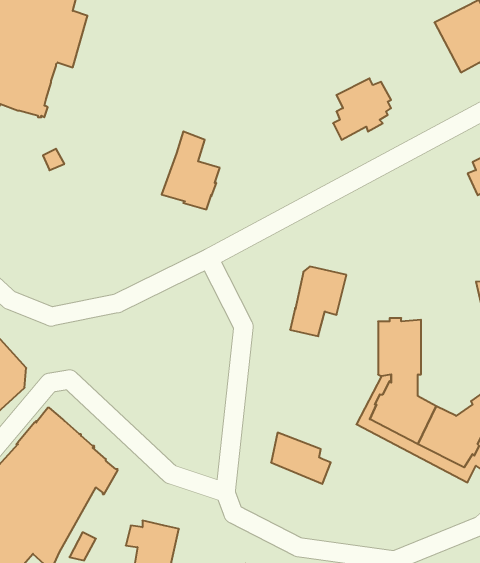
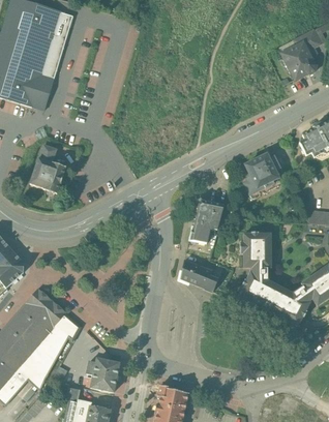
building: [333,78,391,140] -> [243,154,279,192]
building: [162,131,220,209] -> [29,144,65,192]
building: [271,433,331,484] -> [180,260,217,292]

